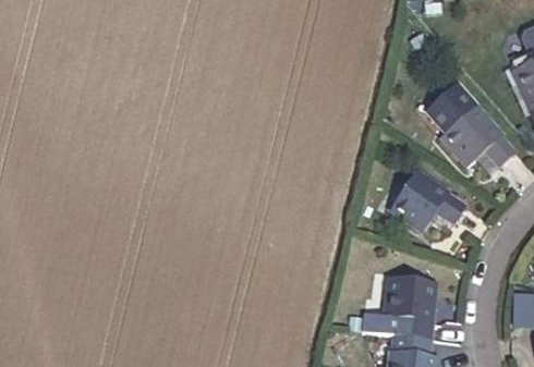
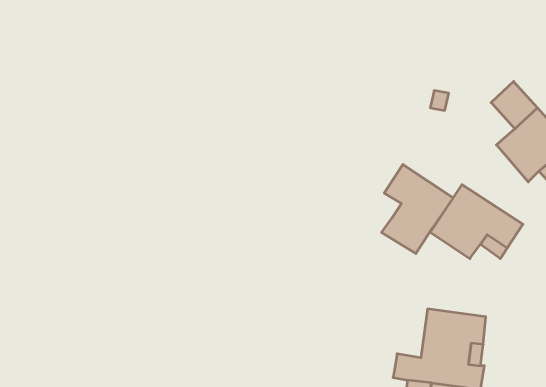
building: none -> [382,164,453,254]

